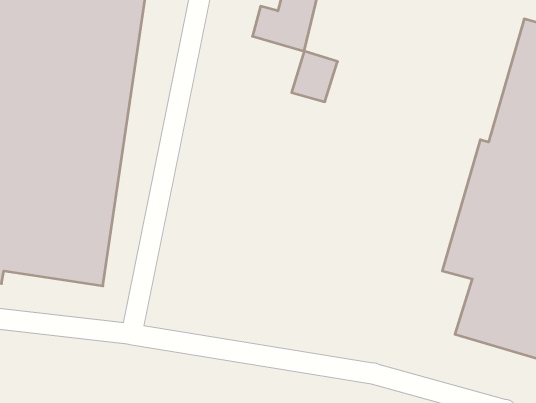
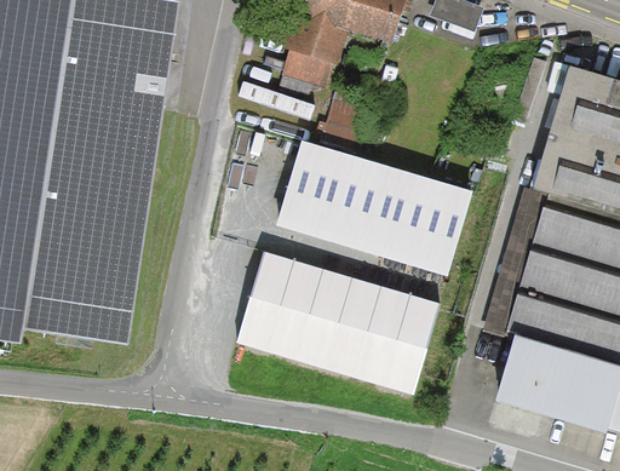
building: none -> [276,138,473,275]
building: none -> [234,251,440,395]

